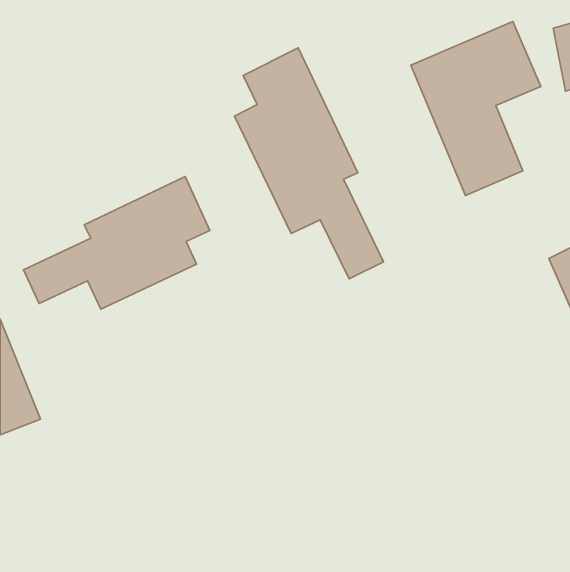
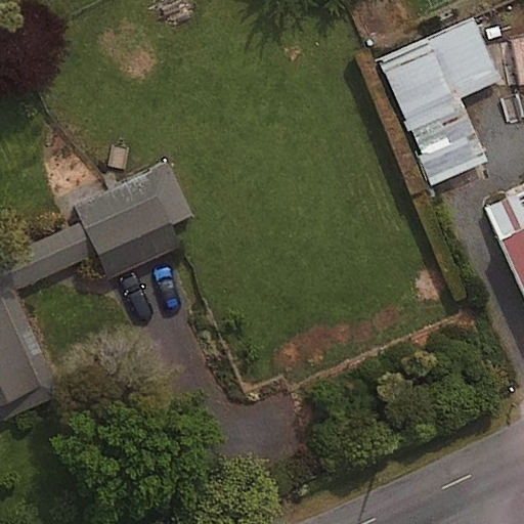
building: [234,48,384,279] -> none

